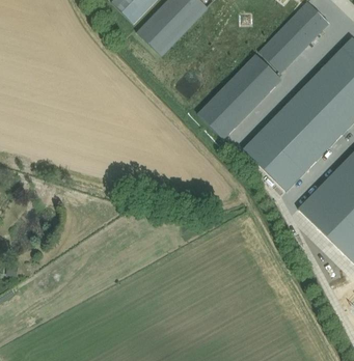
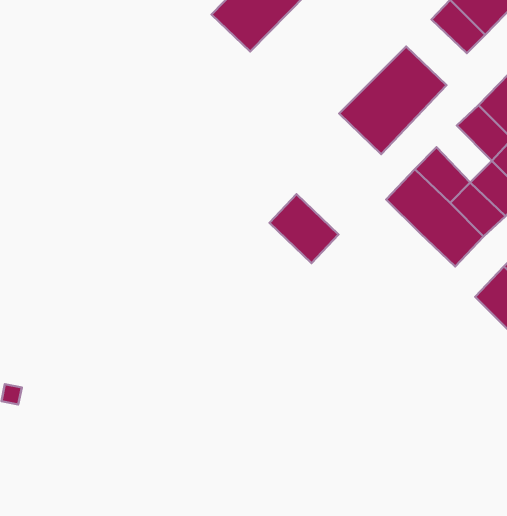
building: [260,37,294,71] -> none
building: [198,95,241,138] -> [270,194,338,263]
building: [275,103,309,138] -> none

